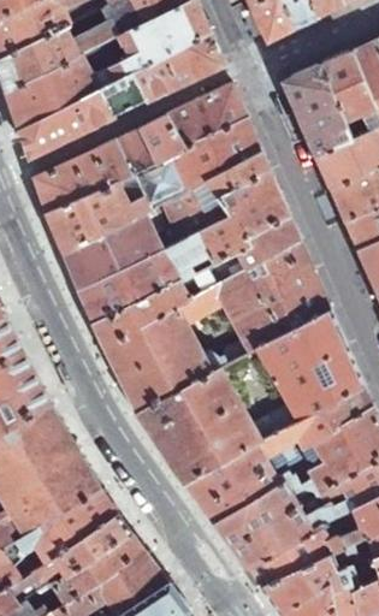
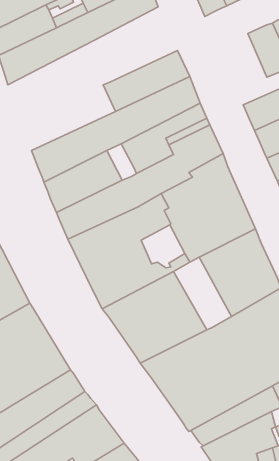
building: [17,30,221,155] -> none
building: [283,64,353,154] -> none
building: [35,129,153,212] -> none

